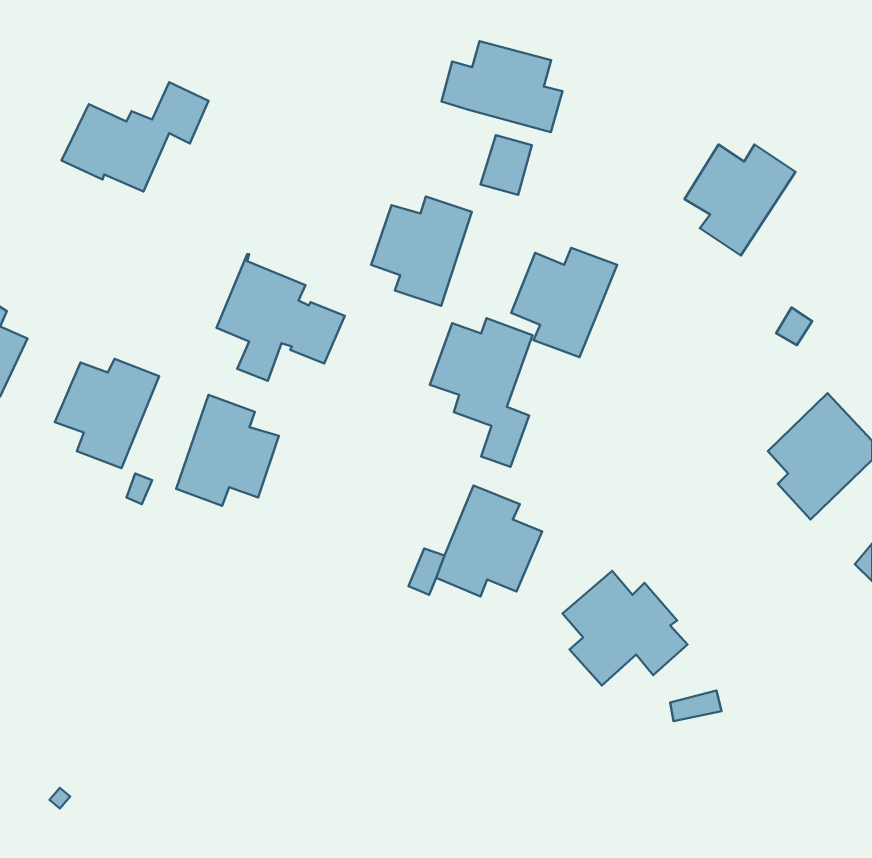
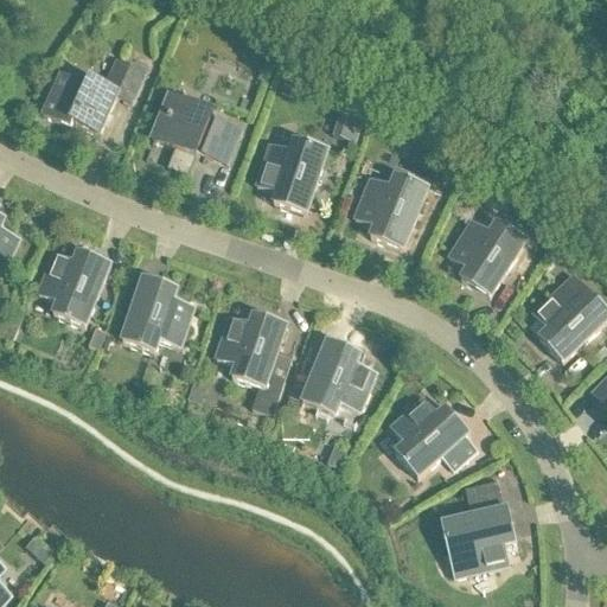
building: [442,41,562,132] -> none
building: [684,144,796,256] -> [449,218,526,295]
building: [217,254,345,381] -> [153,85,242,173]
building: [430,318,533,467] -> [216,311,287,414]
building: none -> [441,506,516,575]

